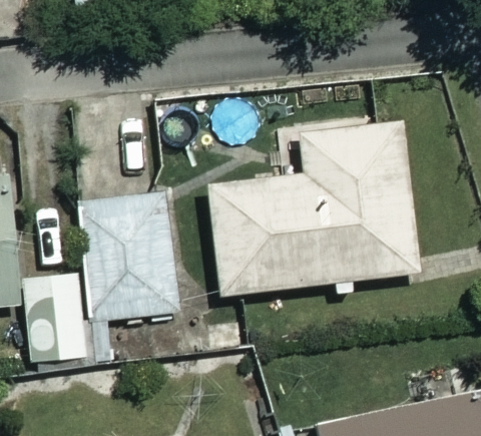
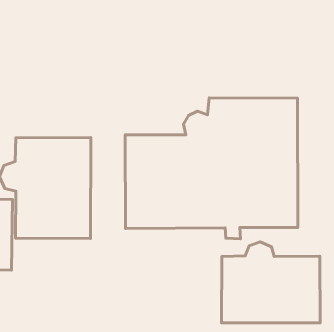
building: none -> [221,242,320,323]

